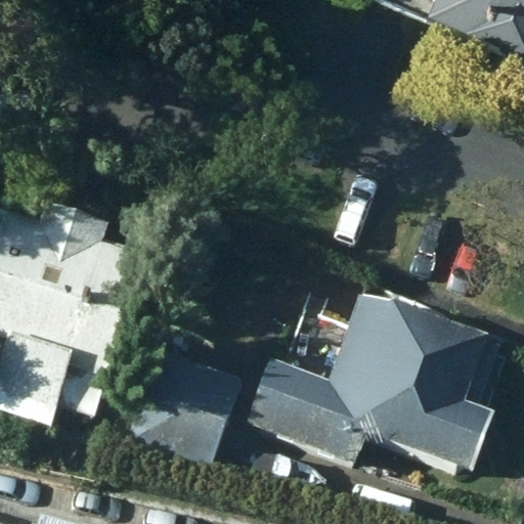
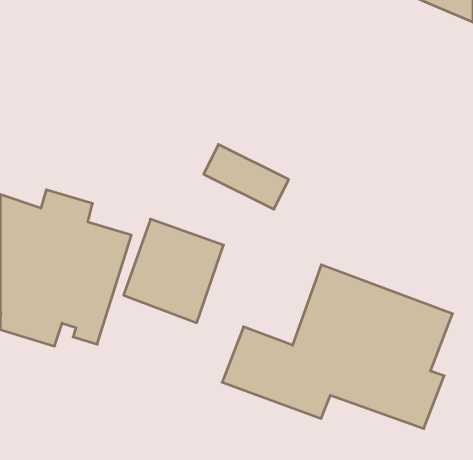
building: [128,347,238,462] -> [124,219,224,323]

